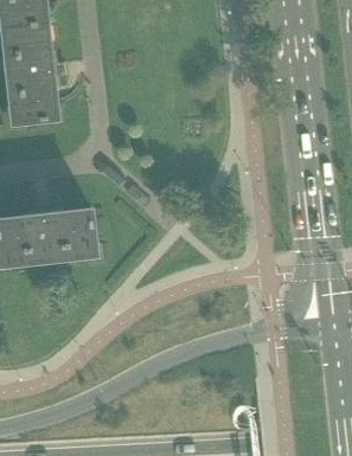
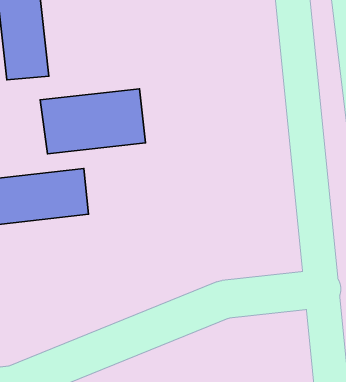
building: none -> [40,89,145,154]

